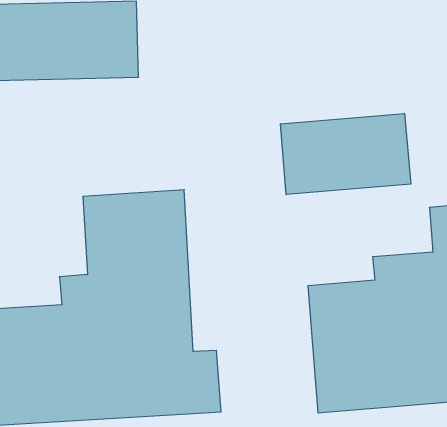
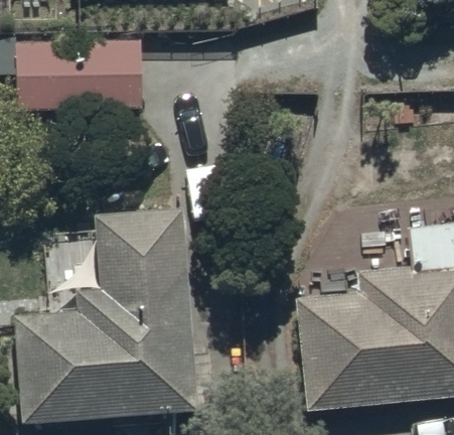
building: [281,113,411,195] -> none

